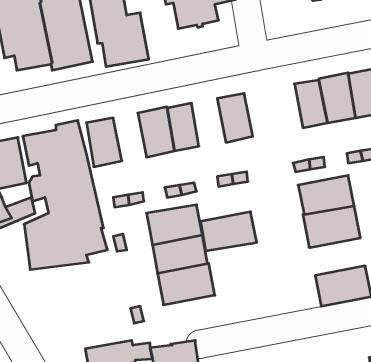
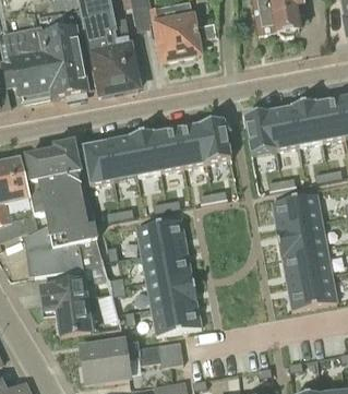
building: none -> [244,109,276,153]
building: none -> [177,122,207,165]
building: none -> [107,135,136,178]
building: [200,212,257,251] -> [152,298,202,333]
building: none -> [283,247,332,280]
building: none -> [40,277,92,334]

